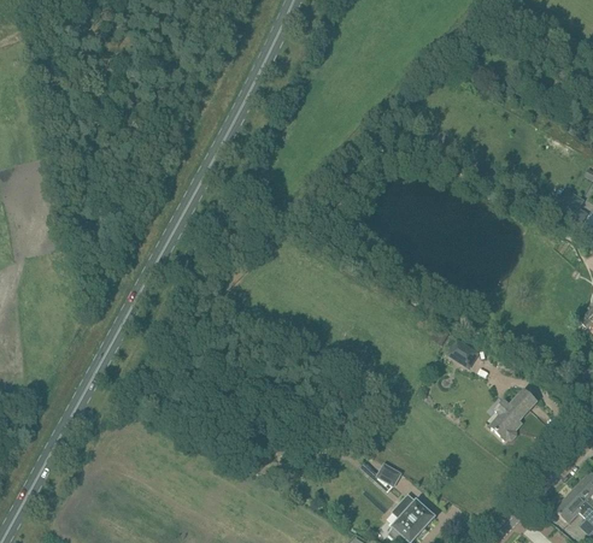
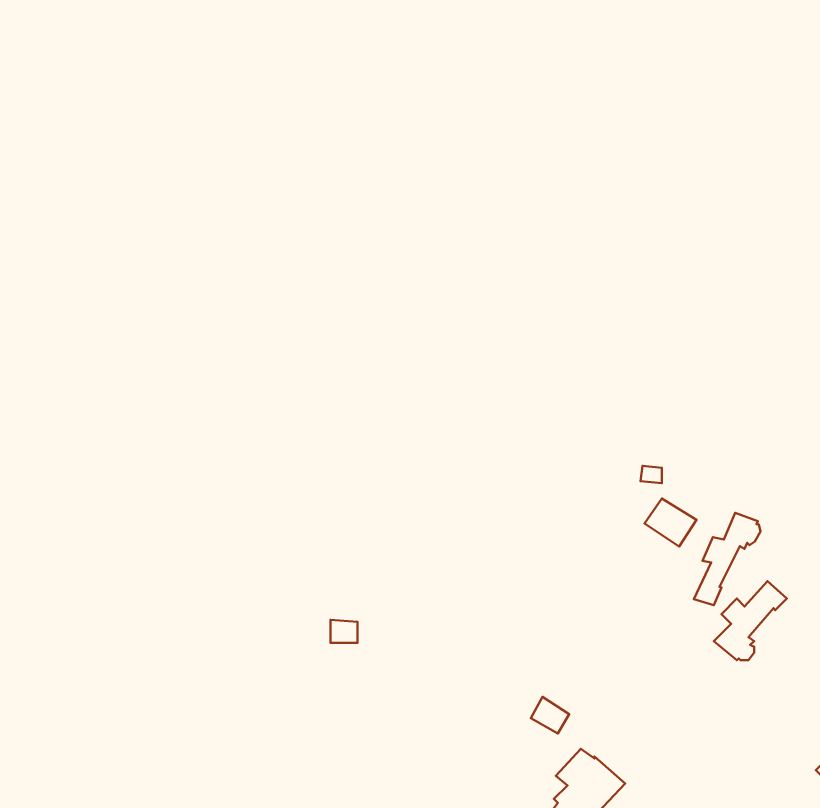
building: none -> [694,513,760,605]

